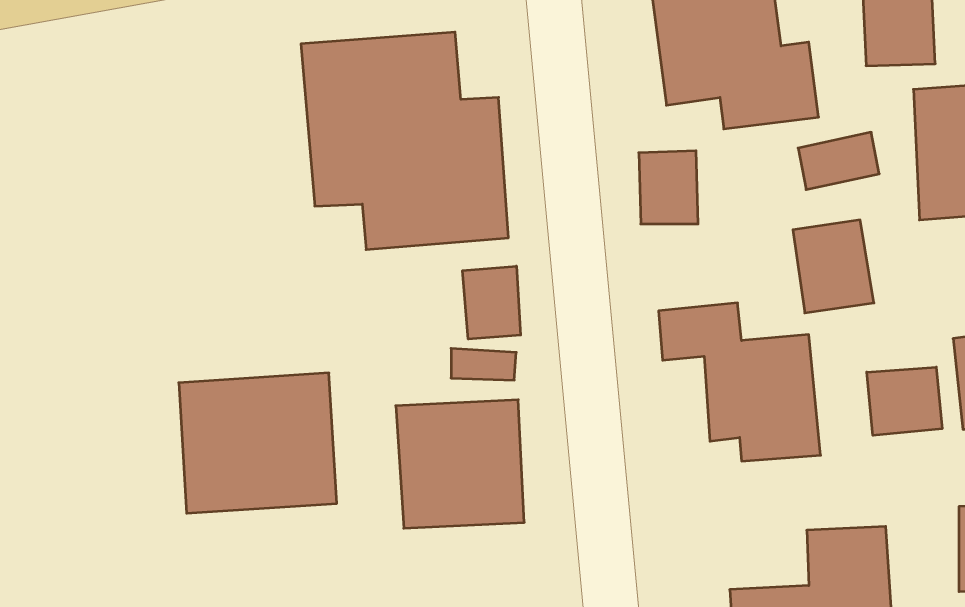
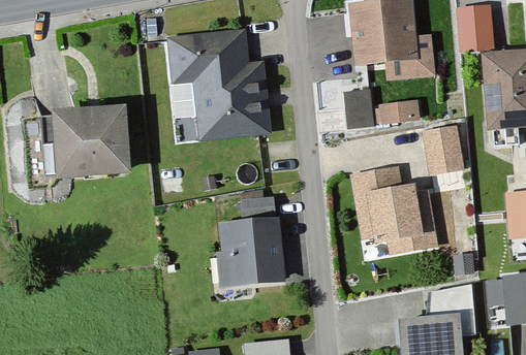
building: [798,132,879,190] -> [380,92,423,122]
building: [463,266,521,339] -> none
building: [867,367,942,435] -> none
building: [179,373,337,513] -> [44,106,127,180]

